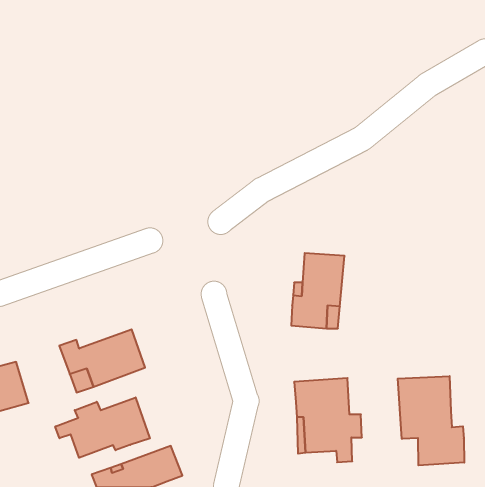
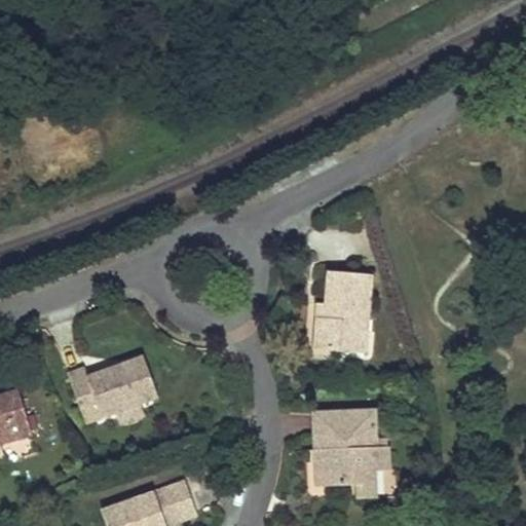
building: [398,376,464,465] -> none
building: [55,397,150,458] -> none

